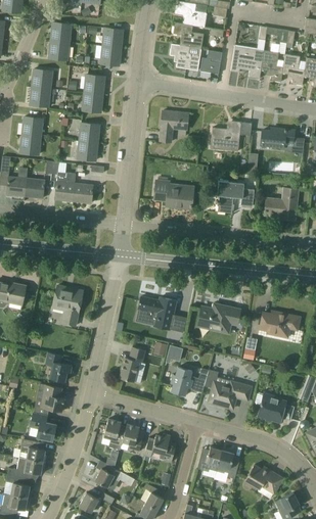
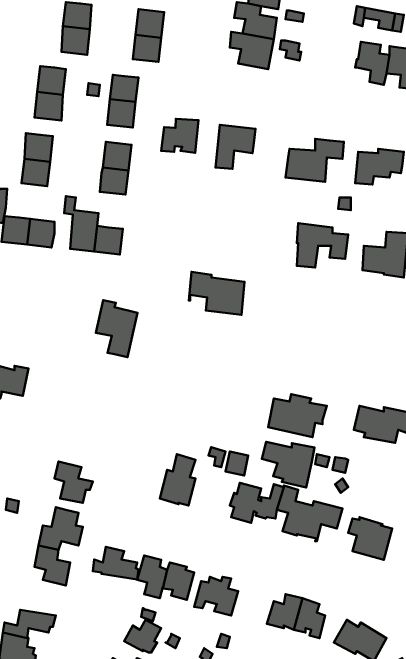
building: [230,46,263,79] -> none
building: none -> [161,119,198,153]
building: [153,179,193,209] -> [189,272,244,315]
building: [52,285,82,326] -> [96,300,137,357]
building: [138,296,176,329] -> [262,442,315,488]
building: [13,438,46,462] -> [93,547,139,580]

